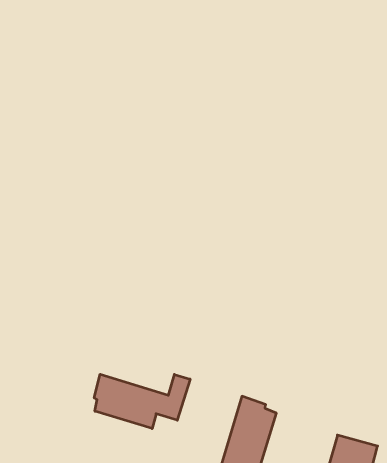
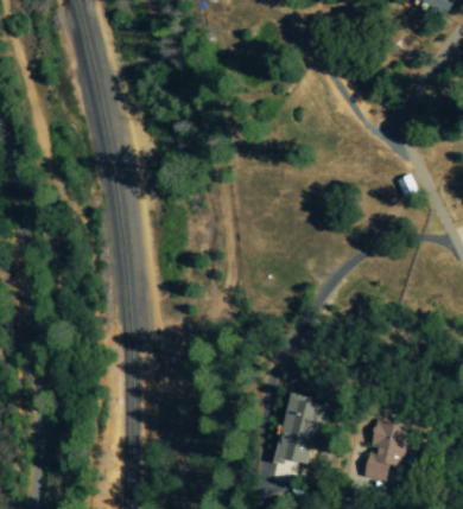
building: [94,374,190,429] -> none

